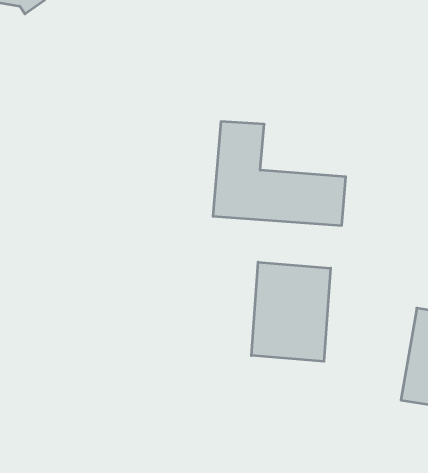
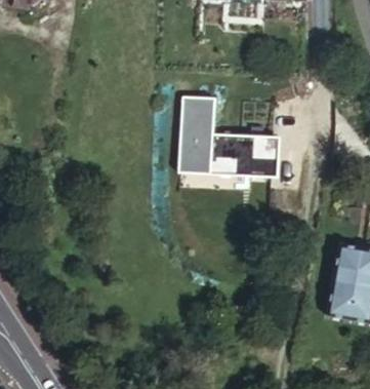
building: [251,262,331,361] -> none

